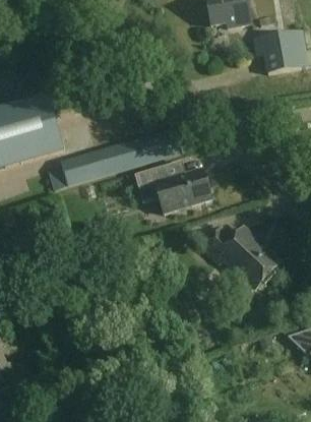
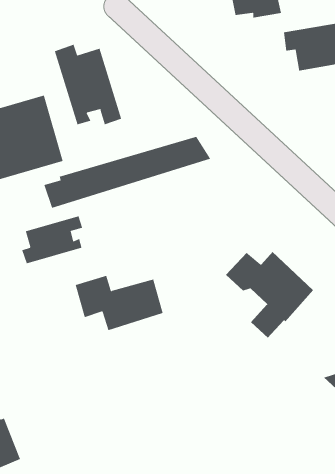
building: none -> [54,44,122,125]
building: [135,164,211,212] -> [75,275,163,331]
building: none -> [22,216,83,264]

